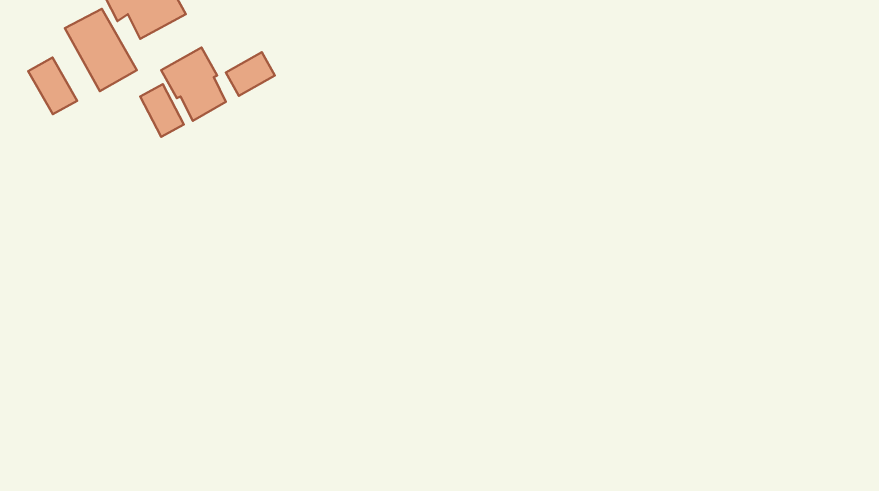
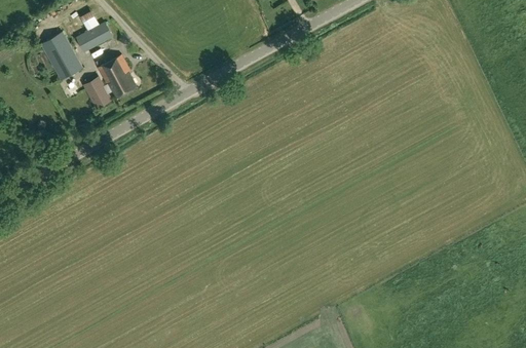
building: [226,52,275,96] -> none
building: [28,58,77,114] -> none

